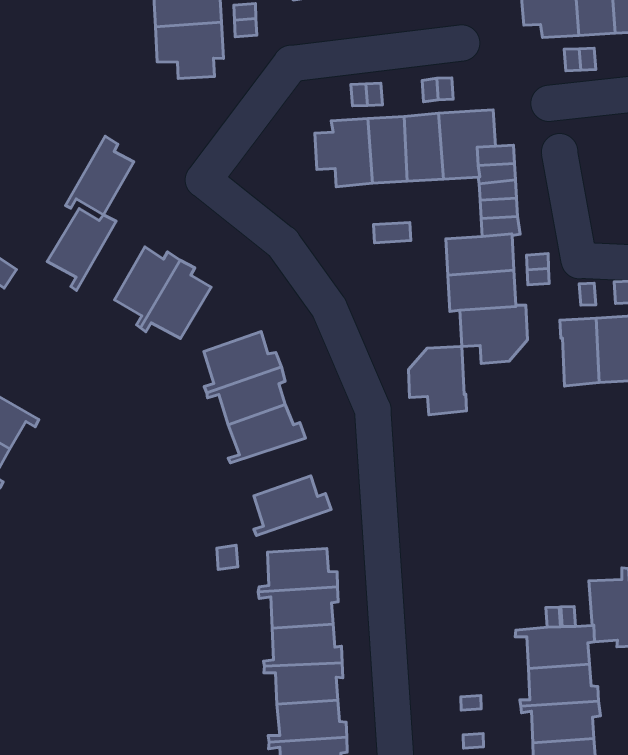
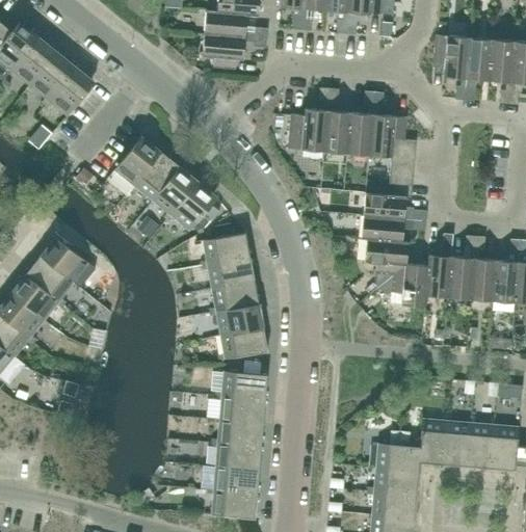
building: [65,136,134,215] -> [130,151,177,200]
building: [409,346,466,415] -> [391,263,428,305]
building: none -> [210,303,261,335]

